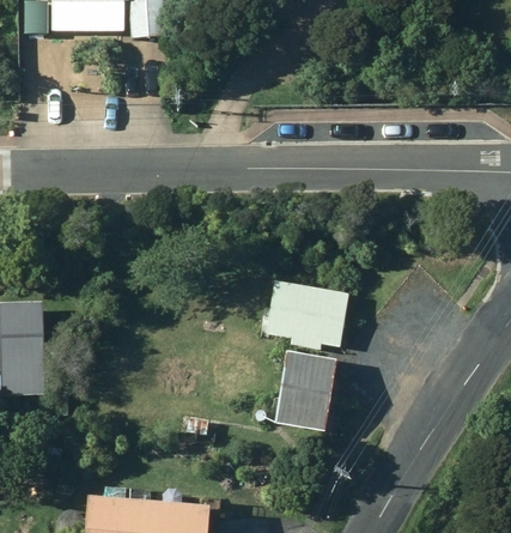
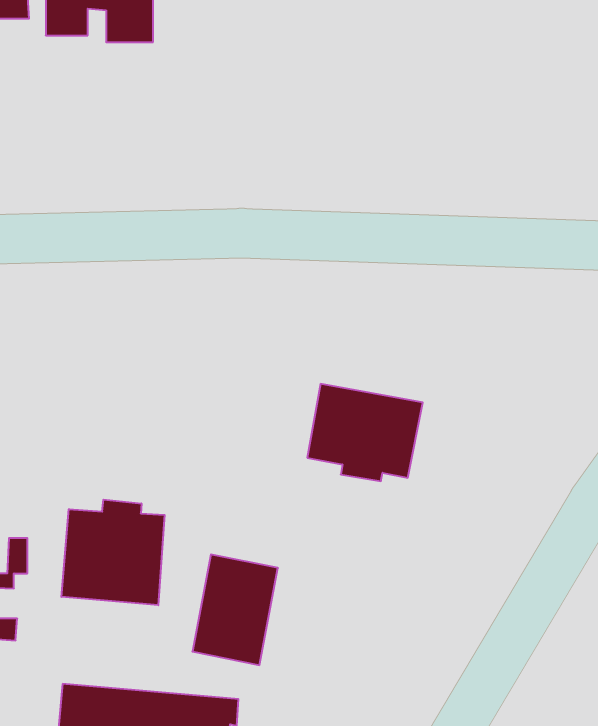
building: [274,351,335,430] -> [192,554,278,665]
building: none -> [61,500,165,605]

